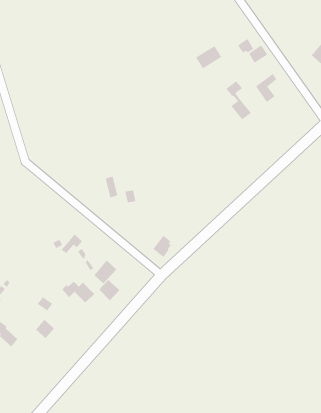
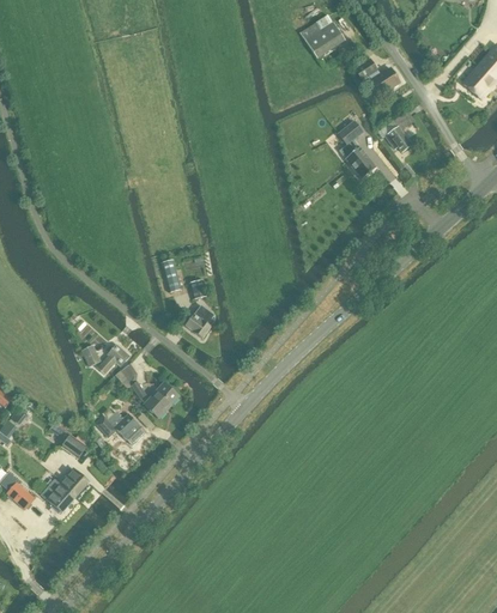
building: [195,45,222,69] -> [303,20,343,55]
building: [152,235,172,258] -> [184,304,213,338]
building: [99,279,120,301] -> none
building: none -> [44,478,74,511]

